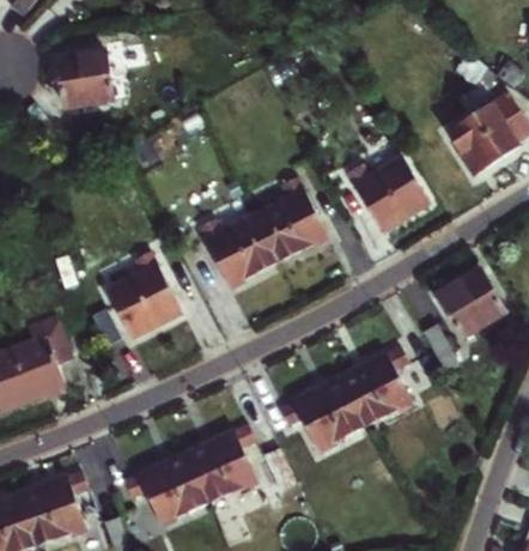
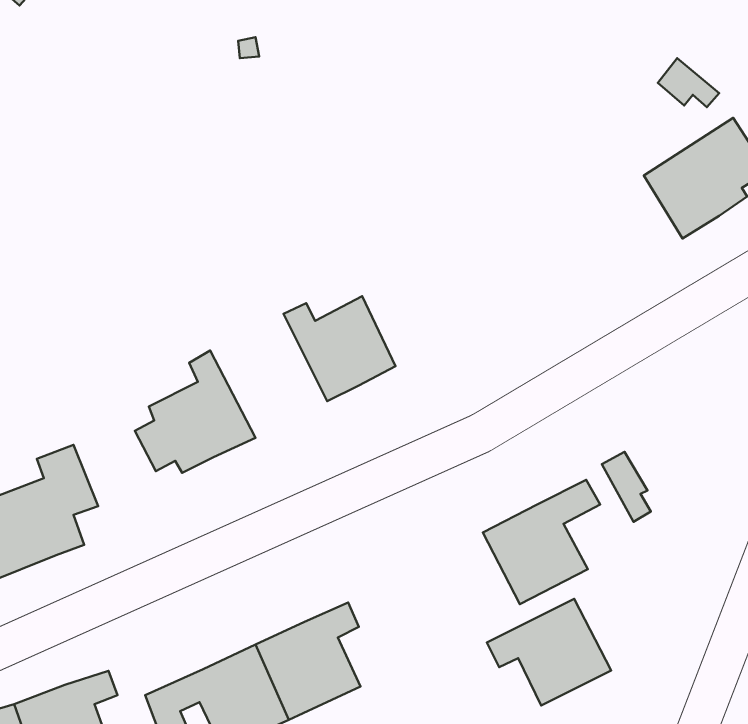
building: [63,49,118,105] -> none
building: [347,157,427,229] -> none
building: [255,177,327,262] -> none
building: [438,267,505,335] -> none
building: [278,376,363,449] -> [487,599,611,706]

